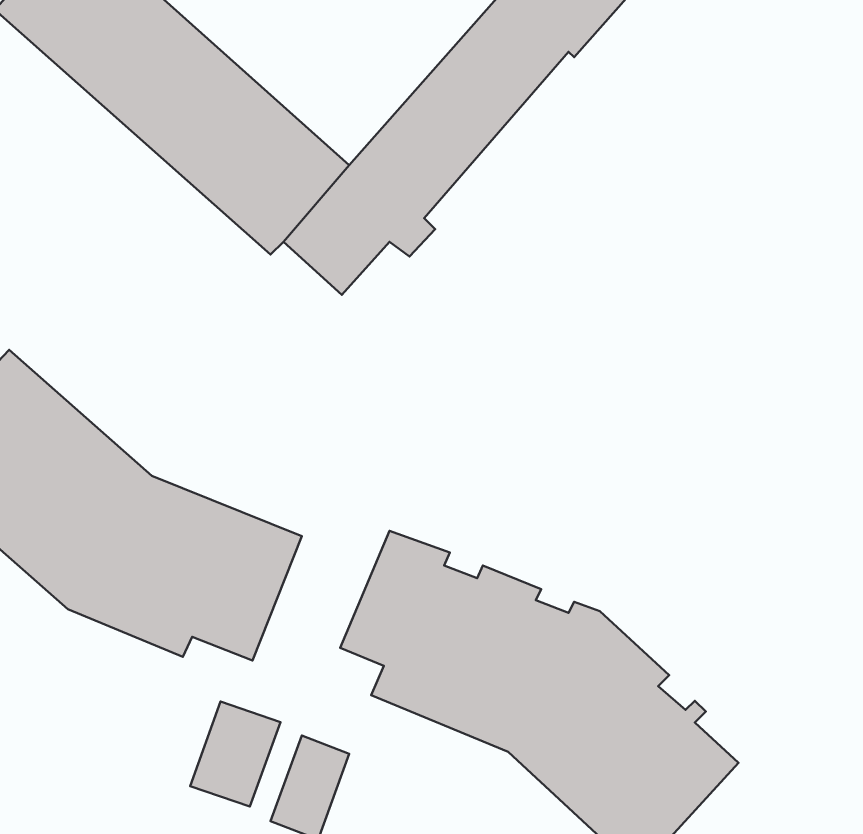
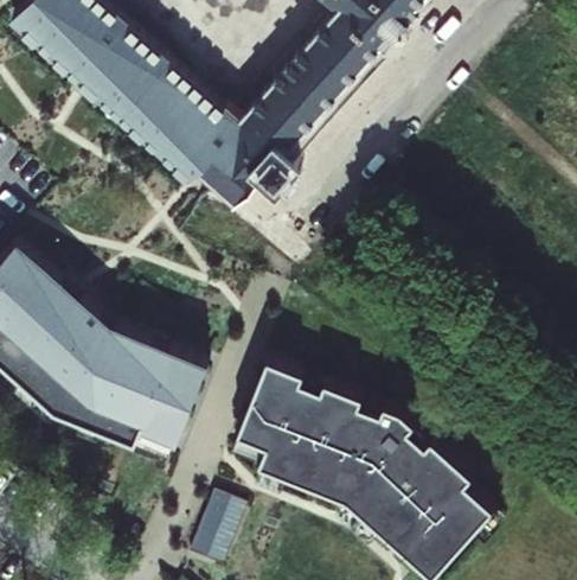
building: [190,702,280,807] -> none

